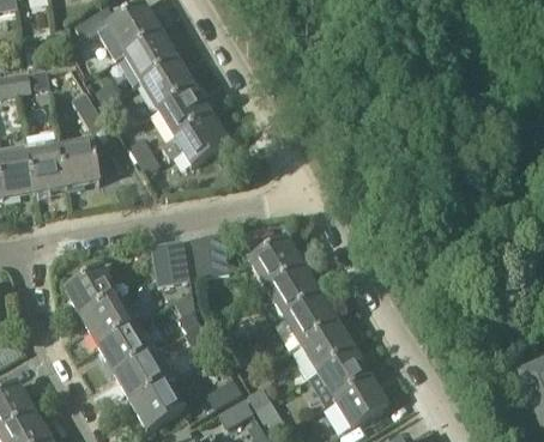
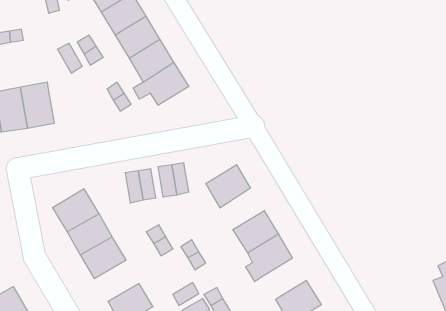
building: [60,141,99,187] -> none
building: [266,265,320,315] -> none
building: [316,349,370,399] -> none
building: [115,351,169,401] -> none

